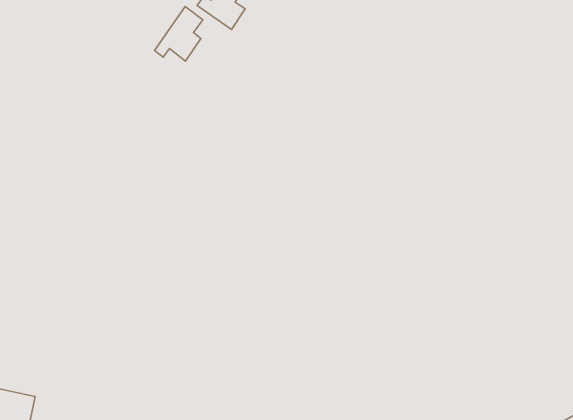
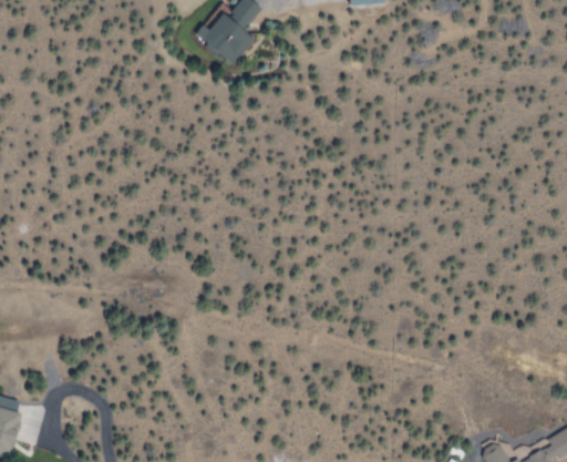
building: [155,7,203,61] -> none

